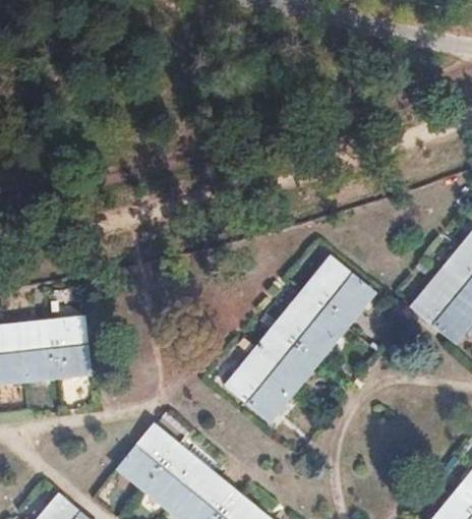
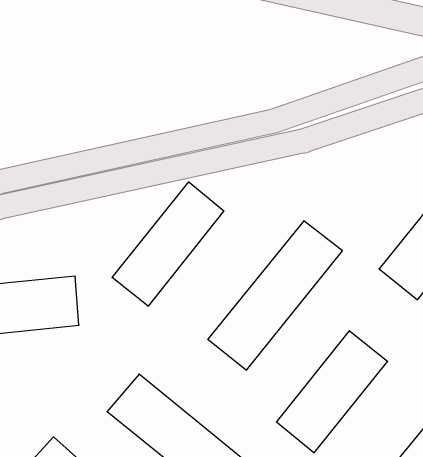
building: none -> [112,182,224,306]
building: none -> [277,331,388,453]

